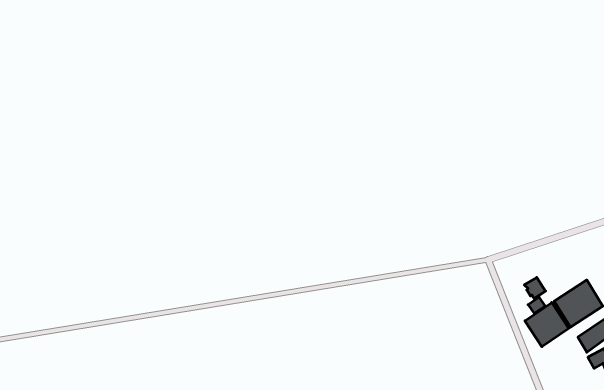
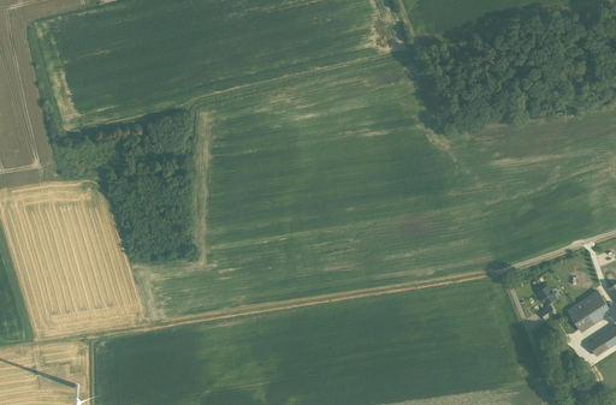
building: [525,302,569,347] -> none

